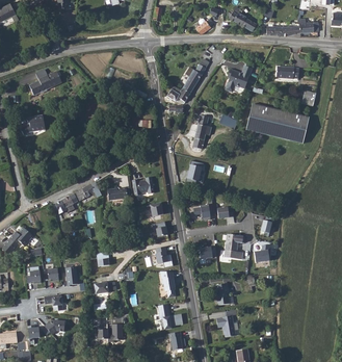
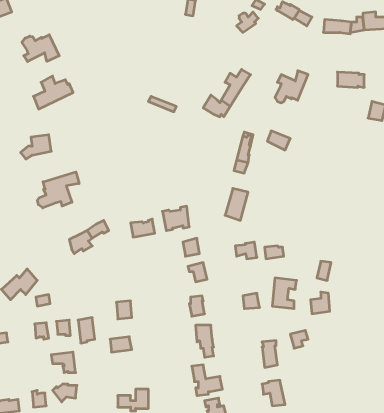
building: none -> [22,35,59,62]
building: [245,102,309,143] -> none
building: none -> [37,172,79,208]

